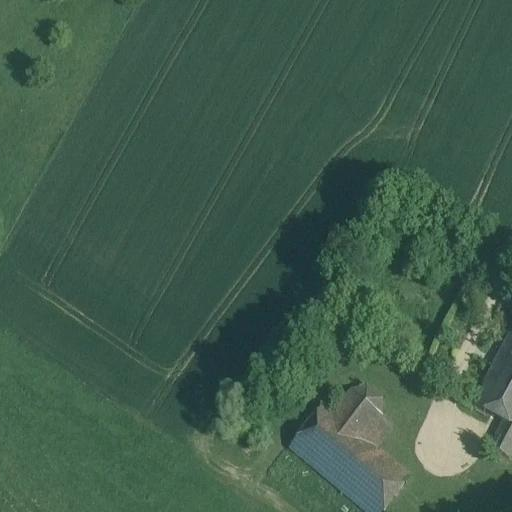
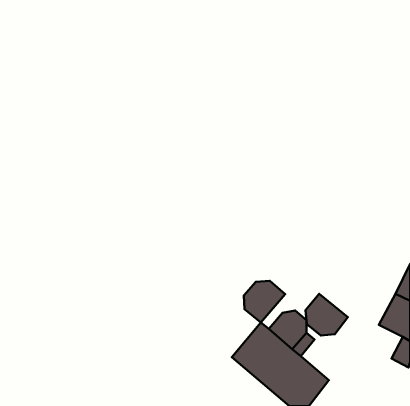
building: none -> [244,281,285,323]
building: none -> [306,294,348,336]

